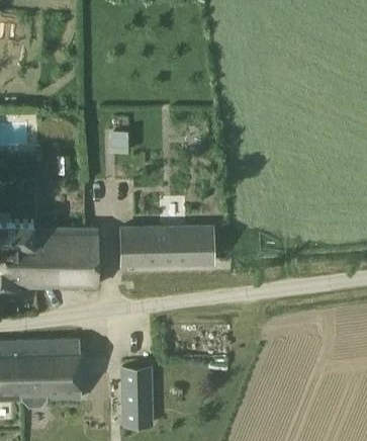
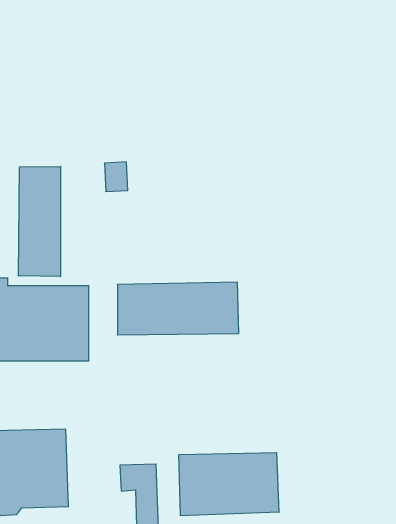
building: none -> [19,166,60,277]
building: none -> [179,453,279,516]

